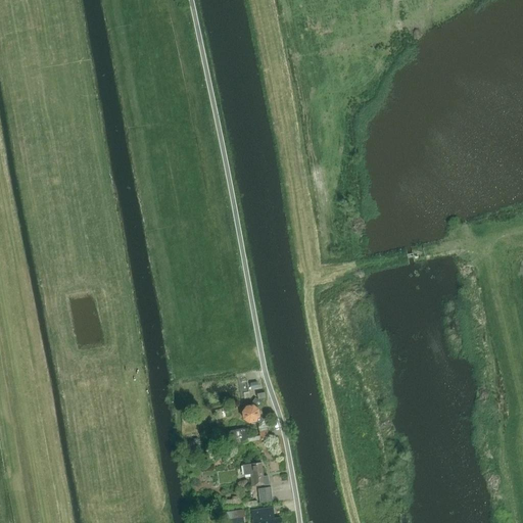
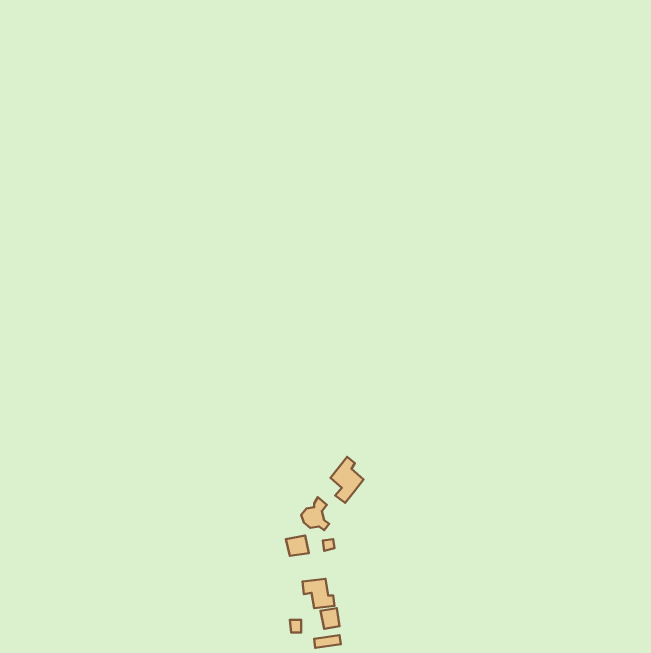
building: none -> [331,457,364,503]

